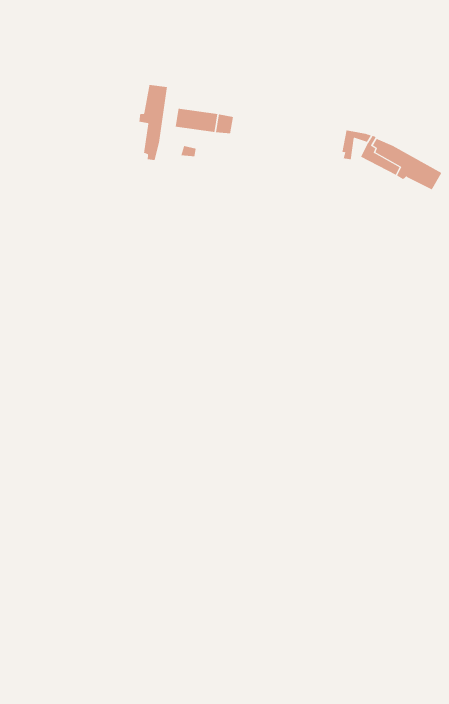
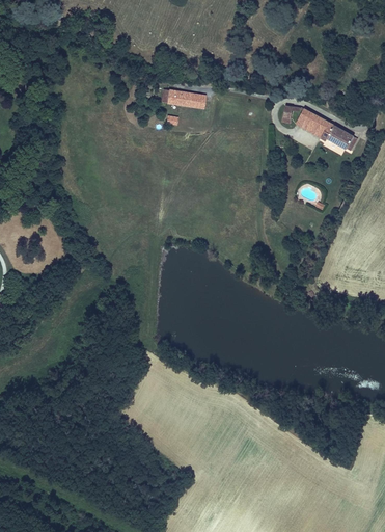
building: [139,84,168,161] -> none

